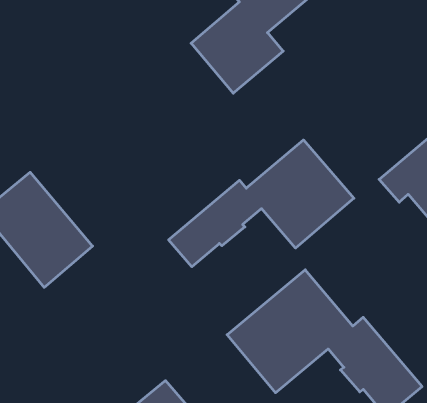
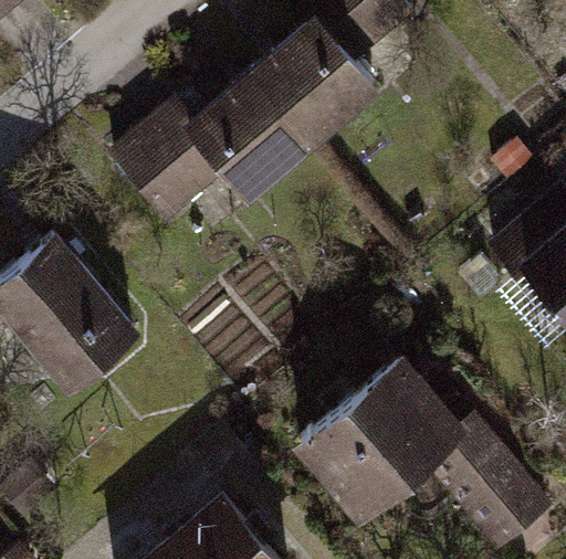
building: none -> [115,76,308,219]
building: [169,140,354,267] -> none

